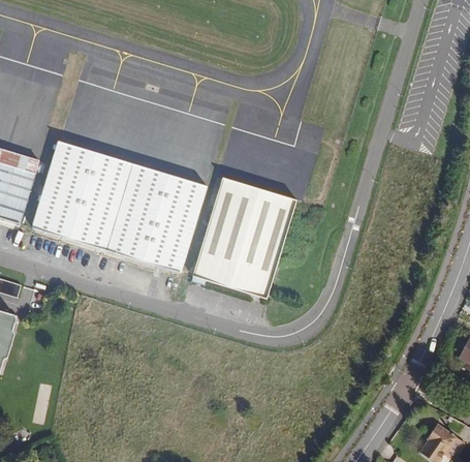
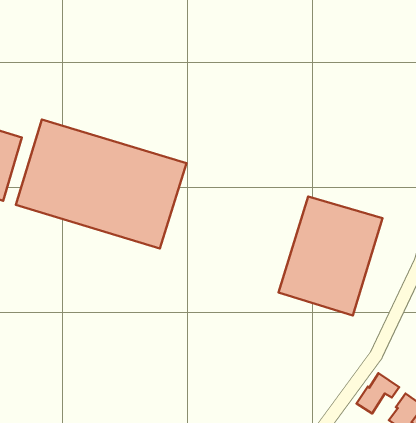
building: [193,178,302,302] -> [278,196,383,315]
building: none -> [357,373,399,413]

